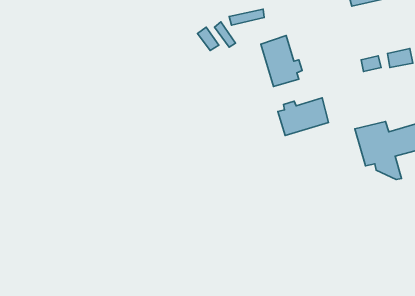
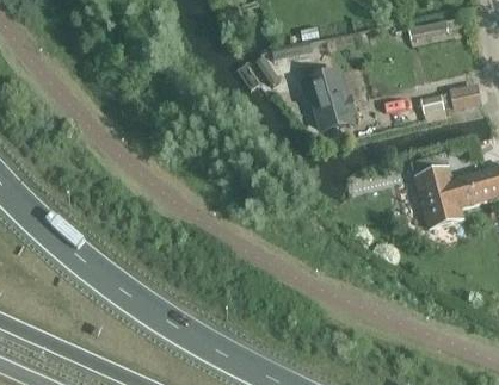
building: [278,98,329,135] -> none

